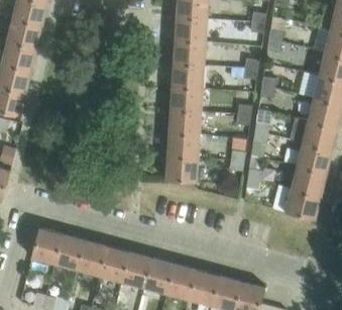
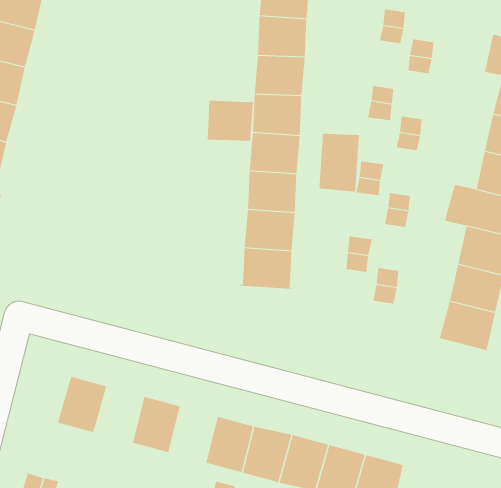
building: none -> [207,100,254,141]
building: none -> [319,133,360,192]
building: [31,226,63,263] -> none
building: [77,240,107,275] -> none
building: [122,252,151,287] -> none

